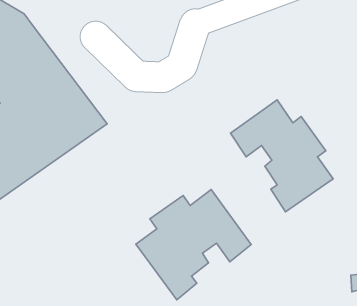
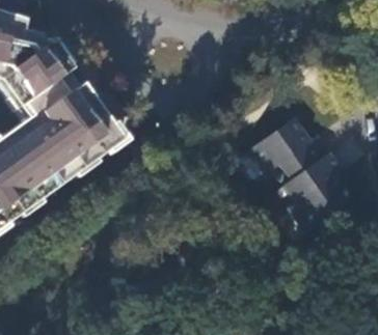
building: [136,189,251,300] -> none

